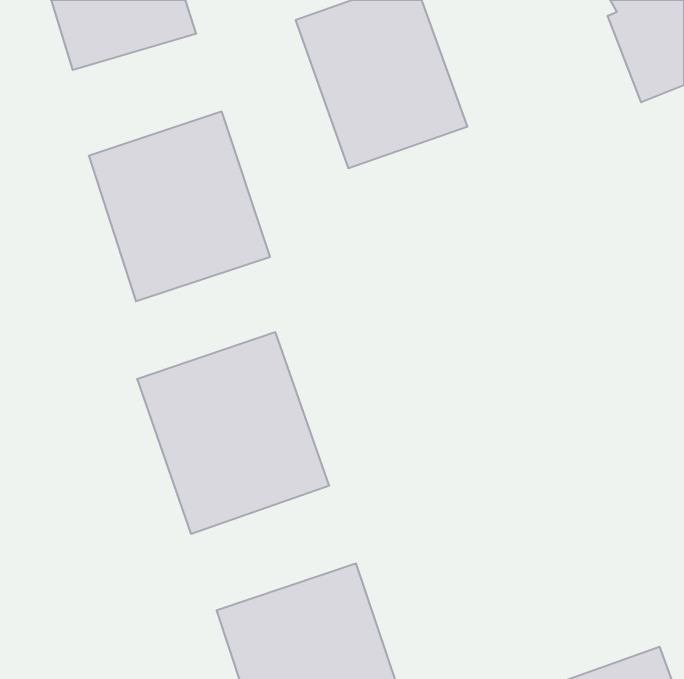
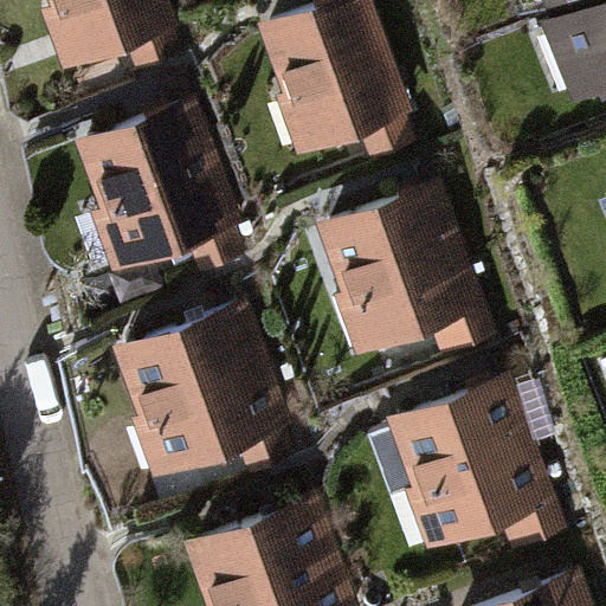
building: none -> [320,185,485,357]
building: none -> [389,379,553,550]

